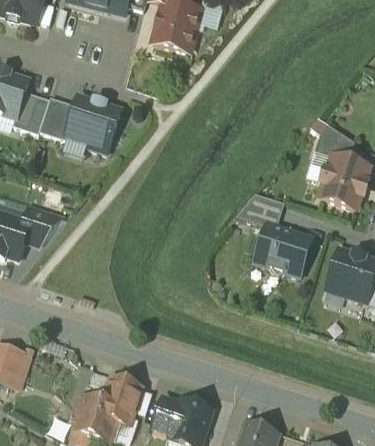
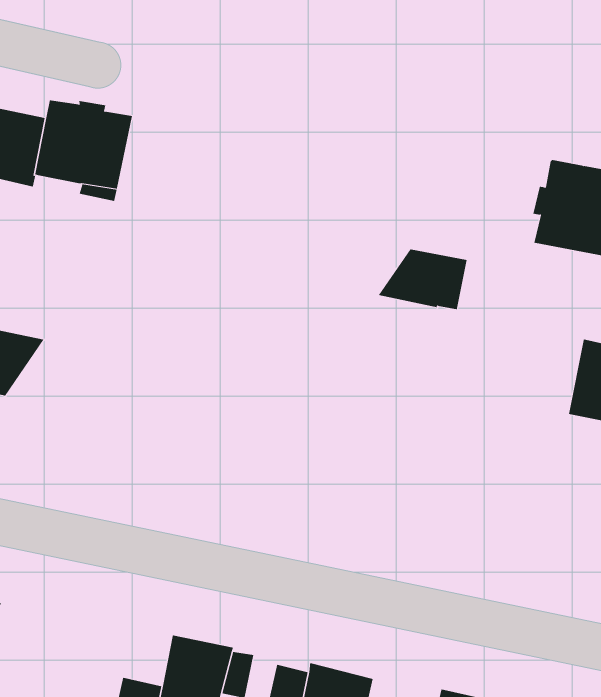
building: [314,123,355,159] -> none
building: [254,223,312,275] -> none

